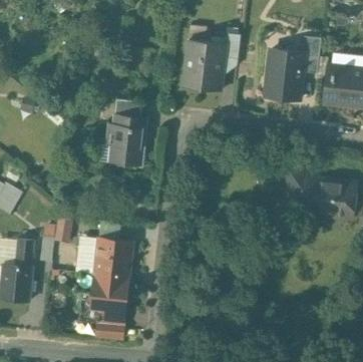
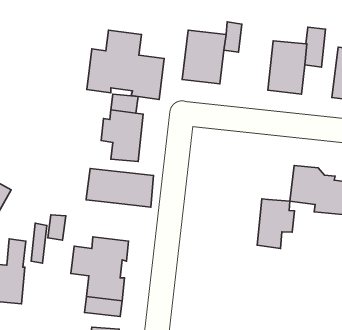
building: none -> [87,30,164,100]
building: none -> [86,169,154,207]
building: none -> [257,199,295,248]

